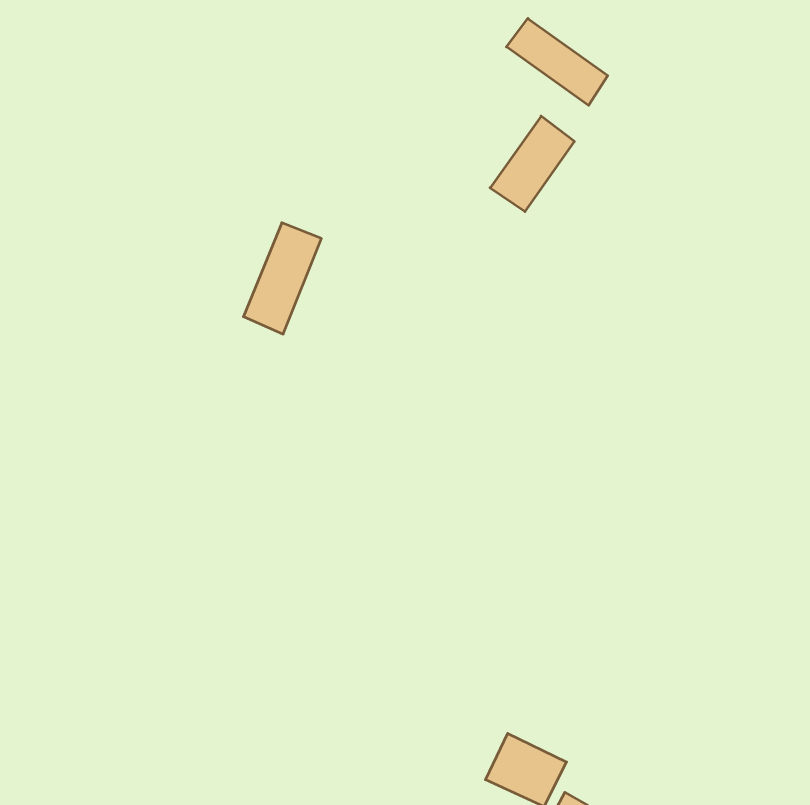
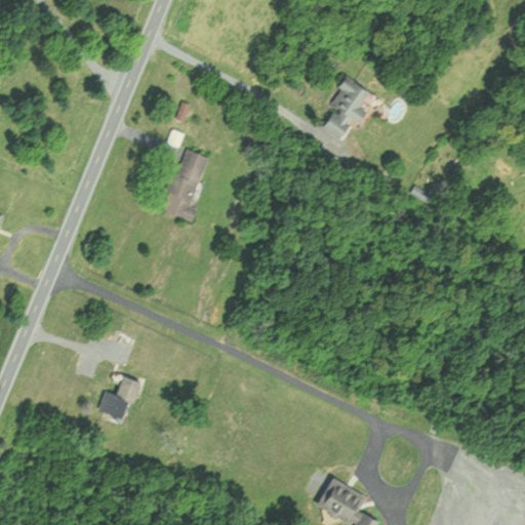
building: [506,18,608,105] -> none
building: none -> [98,375,140,422]

